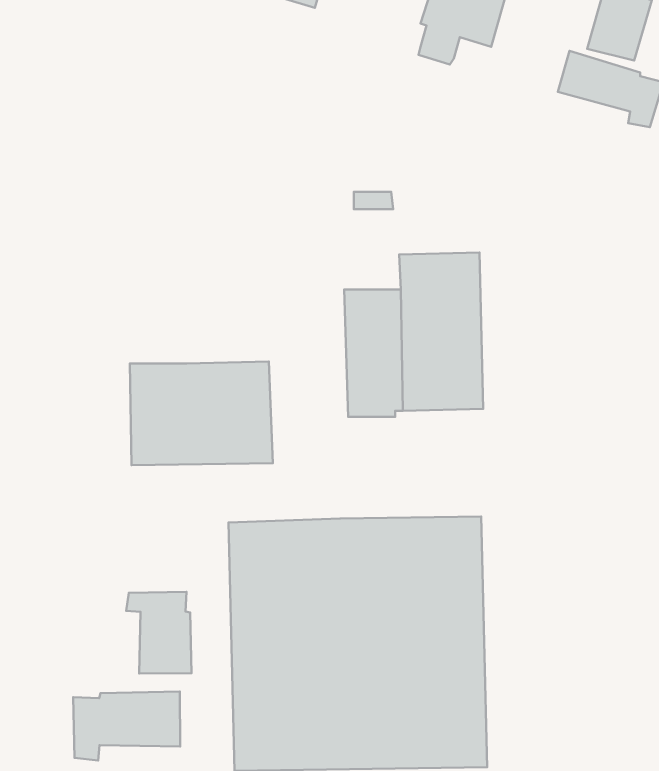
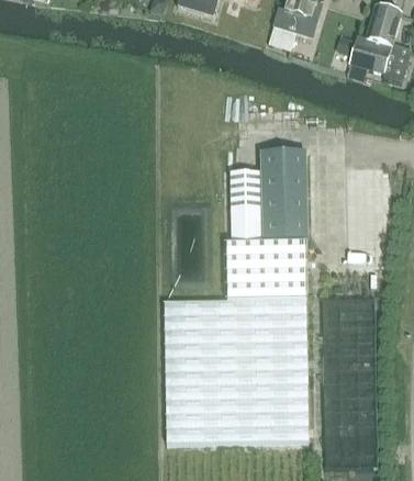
building: [130,361,273,465] -> [226,243,306,301]
building: [126,592,192,674] -> none
building: [73,691,180,760] -> none

